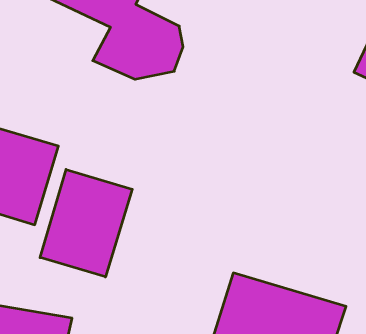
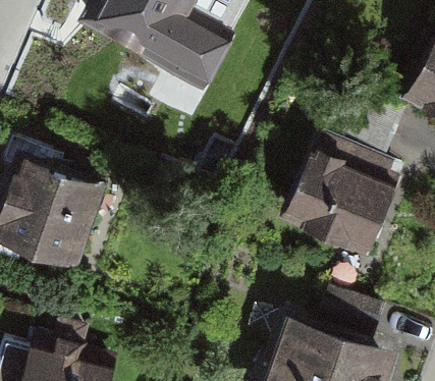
building: none -> [281,150,399,256]
building: [40,169,132,277] -> none

